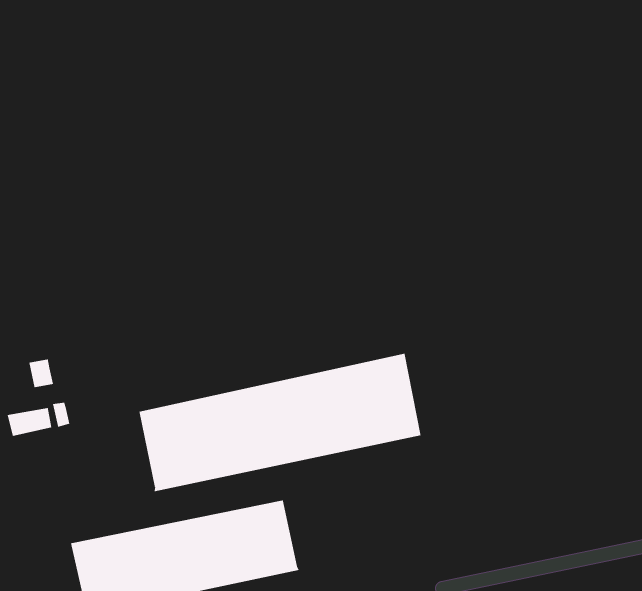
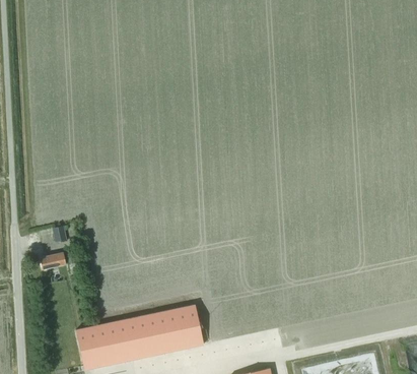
building: [139,353,421,492] -> none

